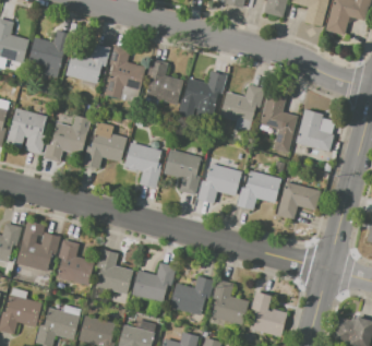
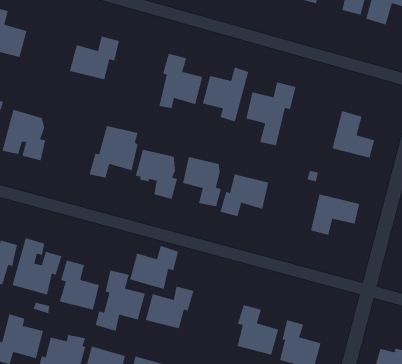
building: [28,29,68,81] -> none
building: [105,45,145,99] -> none
building: [259,91,298,153] -> none
building: [44,116,91,163] -> none
building: [238,170,281,211] -> none
building: [170,276,214,315] -> [129,245,179,290]

